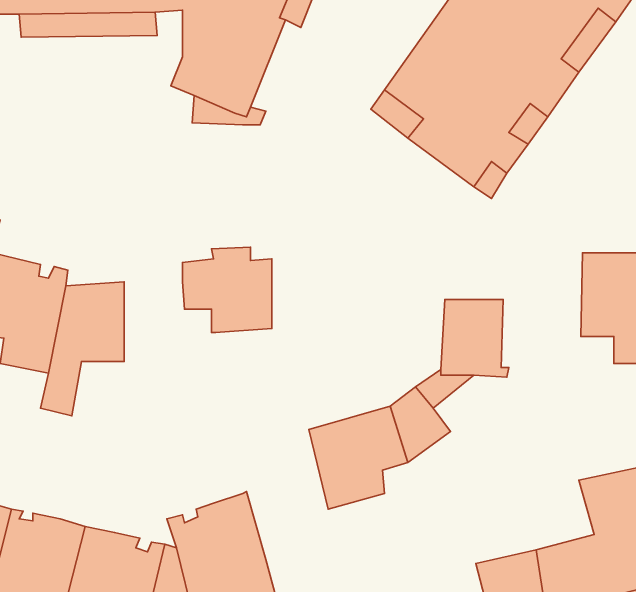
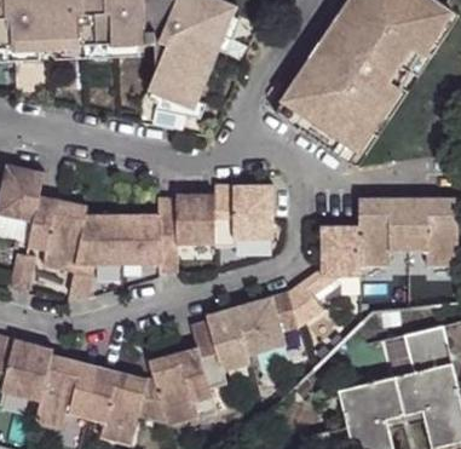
building: none -> [213,184,271,247]
building: none -> [356,195,407,266]
building: none -> [121,213,178,272]
building: none -> [189,305,249,386]

